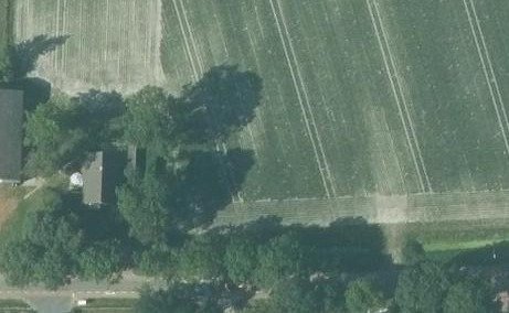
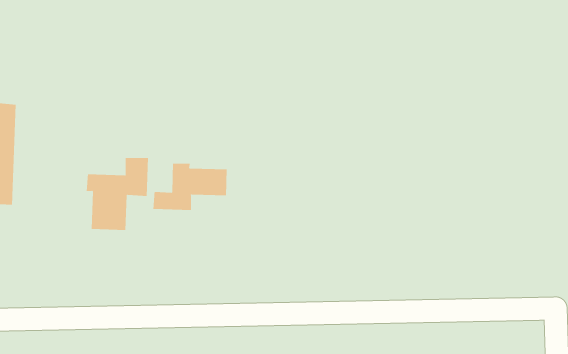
building: none -> [153,163,227,211]

